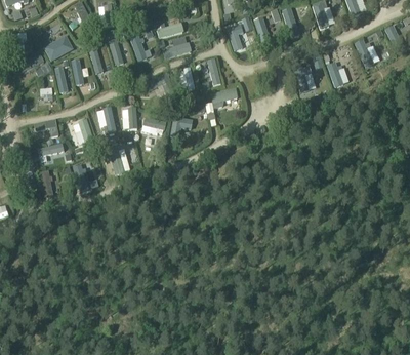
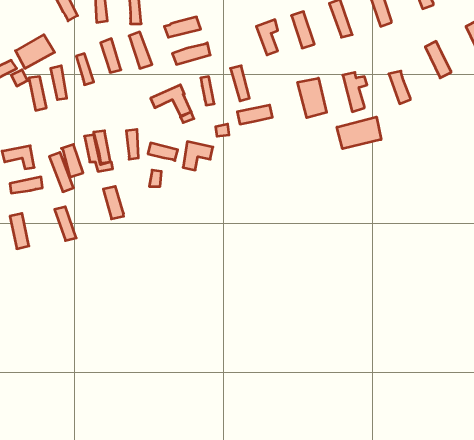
building: none -> [298,78,327,118]
building: none -> [337,117,381,149]

